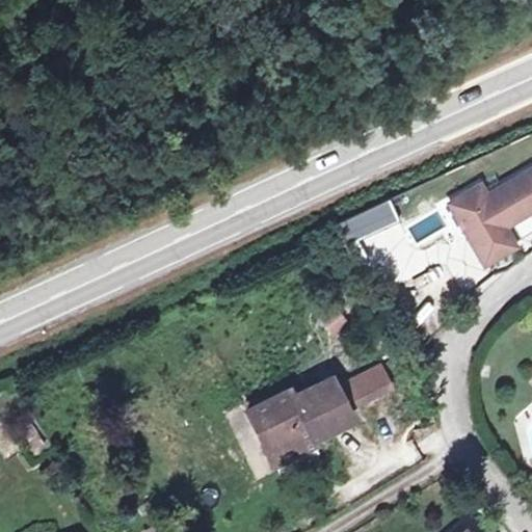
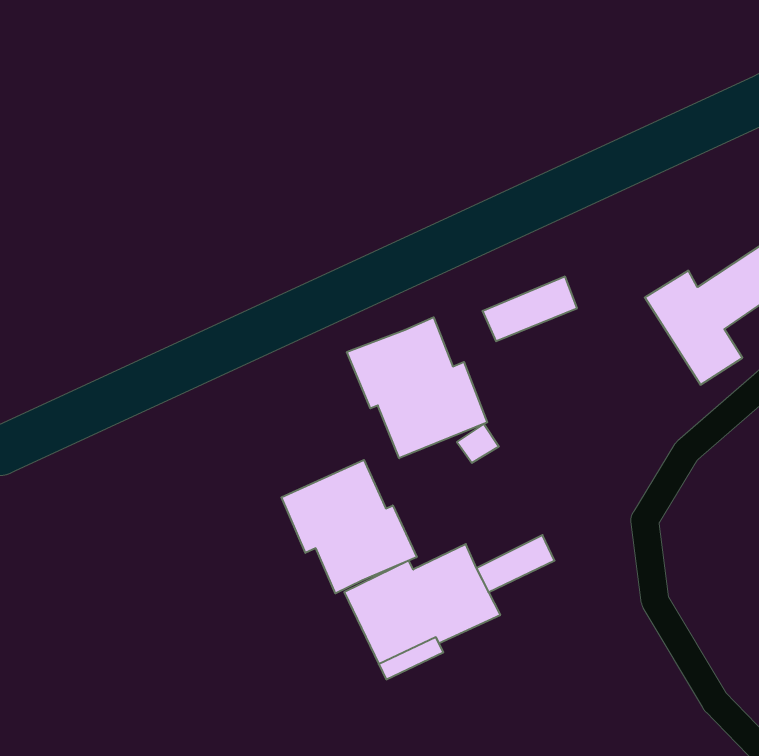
building: none -> [347,317,487,458]
building: none -> [281,460,417,593]

